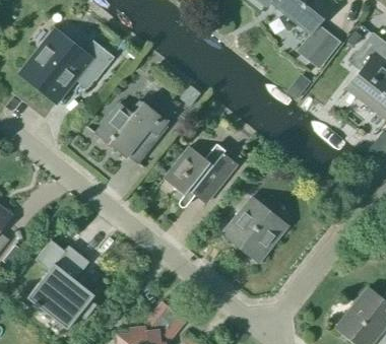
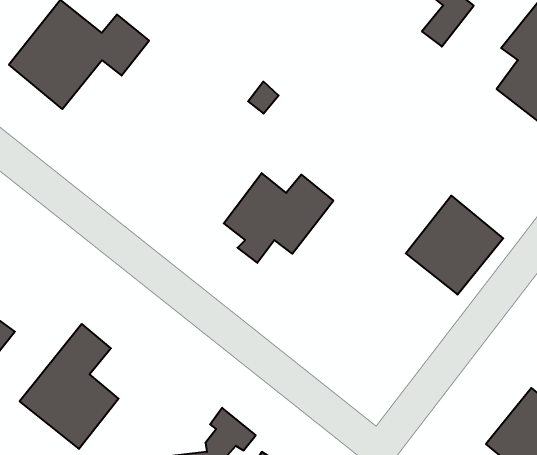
building: [94,101,168,157] -> none
building: [222,196,287,262] -> [406,196,503,295]

